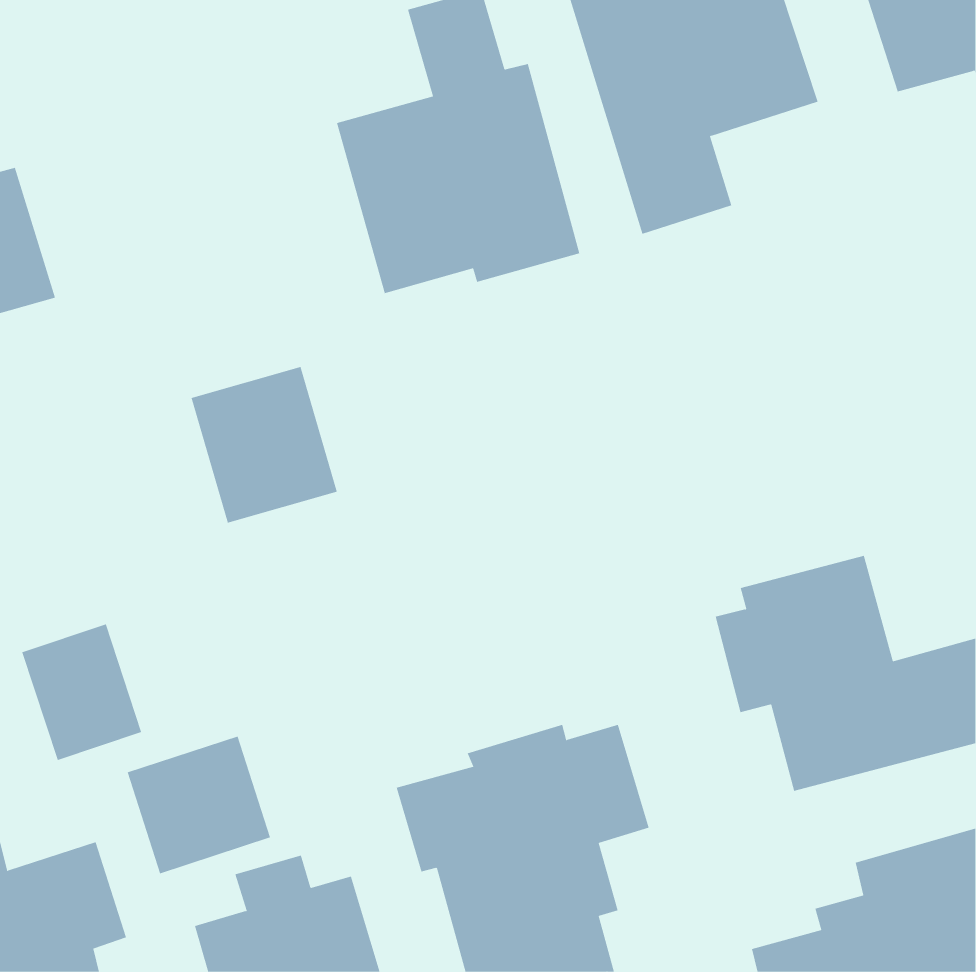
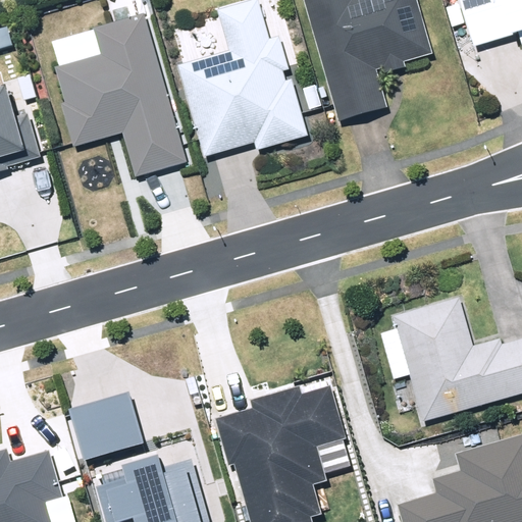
building: none -> [56,13,186,177]
building: [191,366,338,524] -> none
building: [22,623,142,761] -> none

